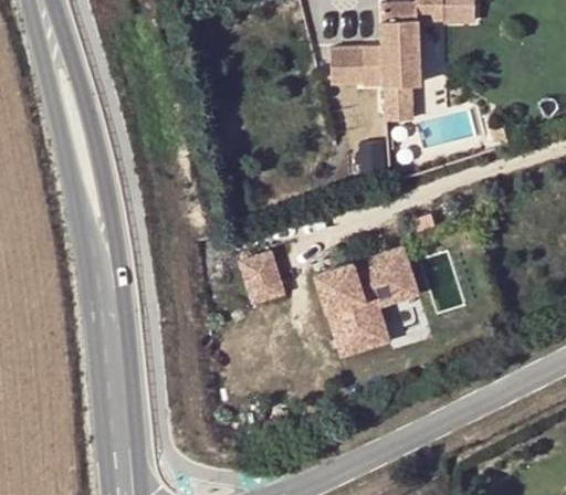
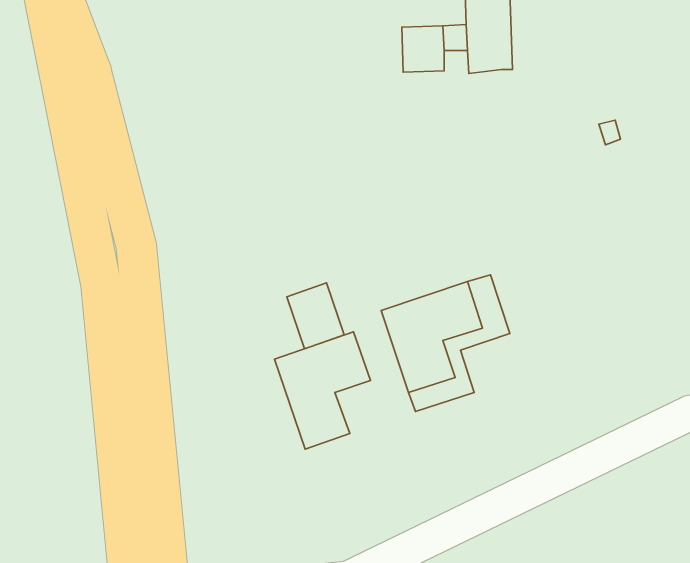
building: [386,81,413,119] -> none
building: none -> [274,332,370,449]

